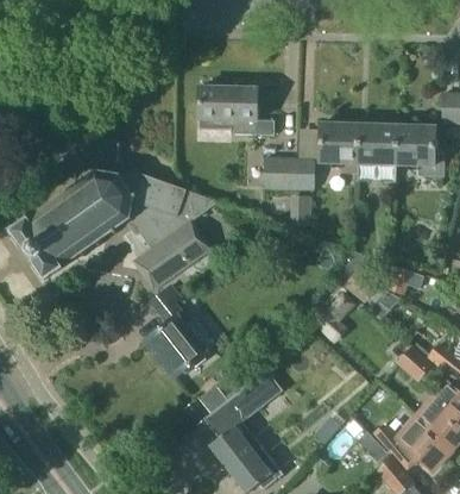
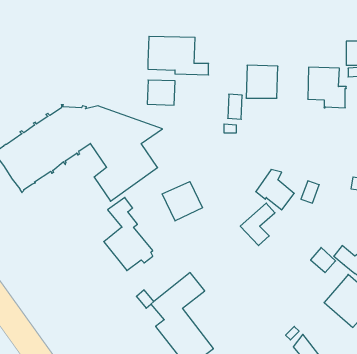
building: [358,124,397,164] -> none
building: [264,157,298,188] -> [147,80,175,105]
building: none -> [162,182,202,221]
building: [372,415,452,469] -> none

